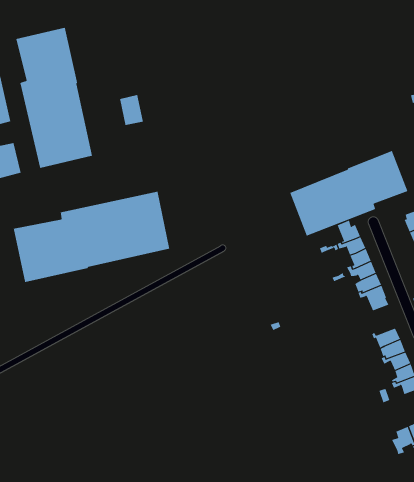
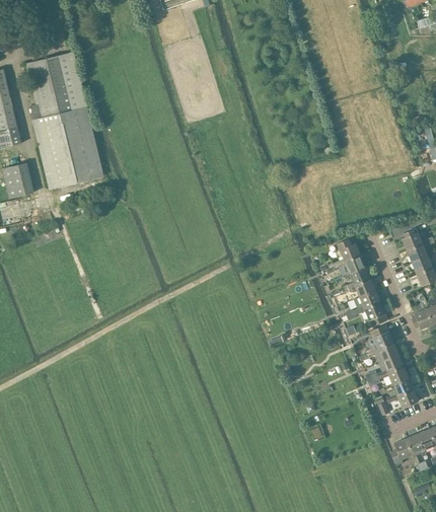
building: [119,94,144,126] -> none
building: [290,150,408,237] -> none
building: [13,191,170,283] -> none
building: none -> [367,323,394,356]

